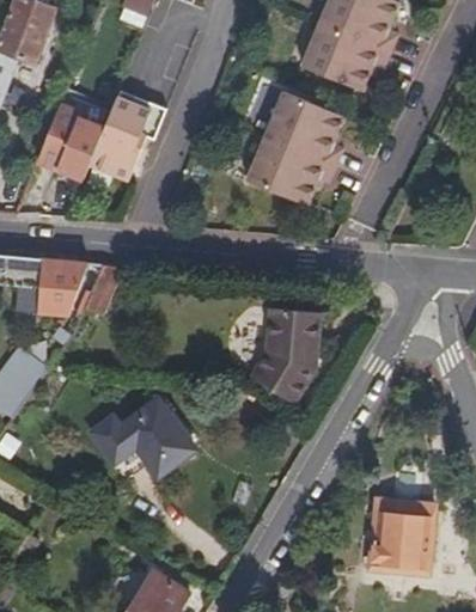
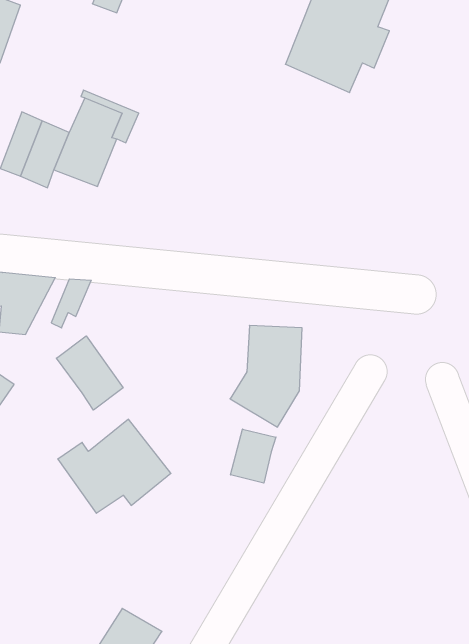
building: [248,91,344,204] -> none
building: none -> [56,336,123,410]
building: none -> [231,429,276,483]
building: [372,506,431,563] -> none

